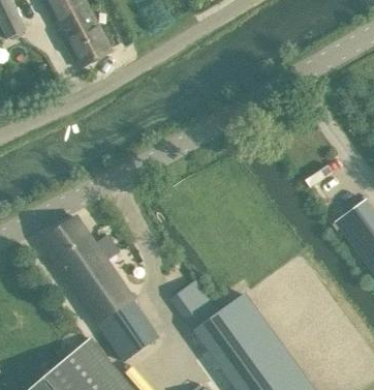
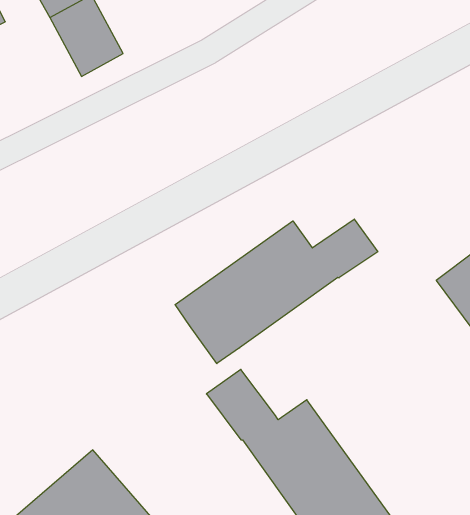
building: none -> [175,219,378,364]
building: [40,214,159,359] -> none

